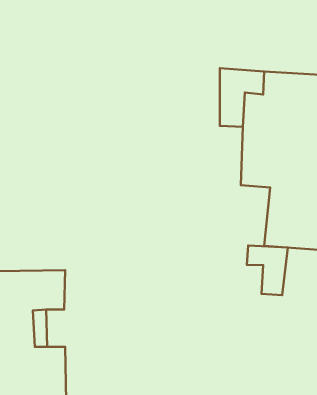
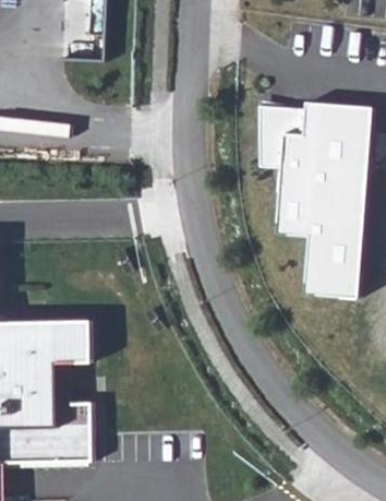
building: [247,246,288,295] -> none

